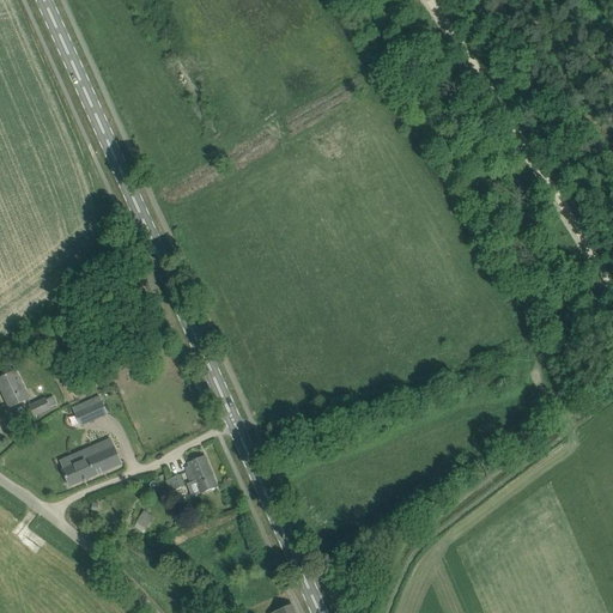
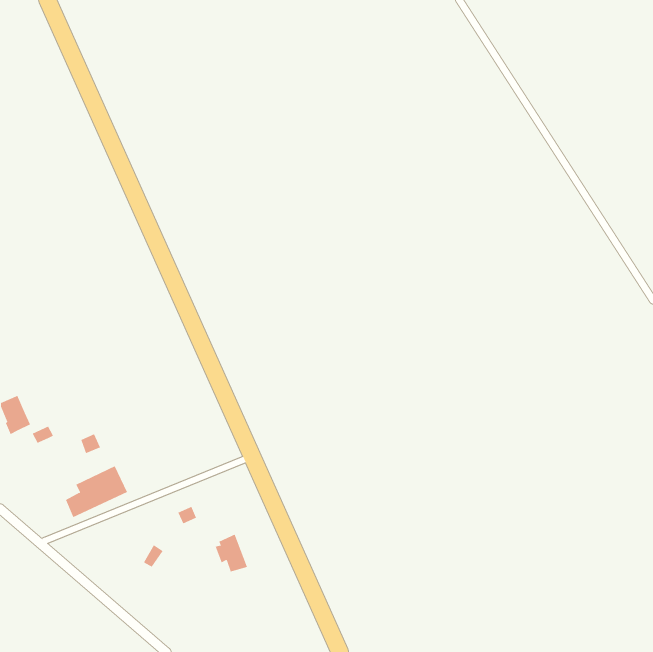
building: [186,455,217,491] -> [215,534,248,572]

